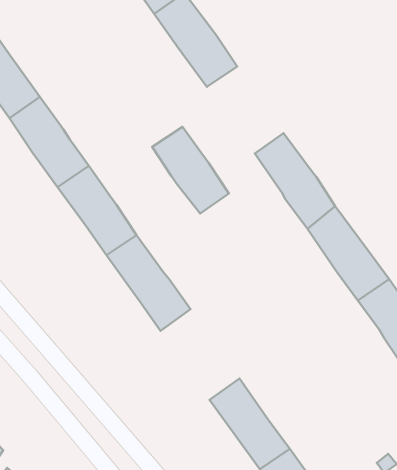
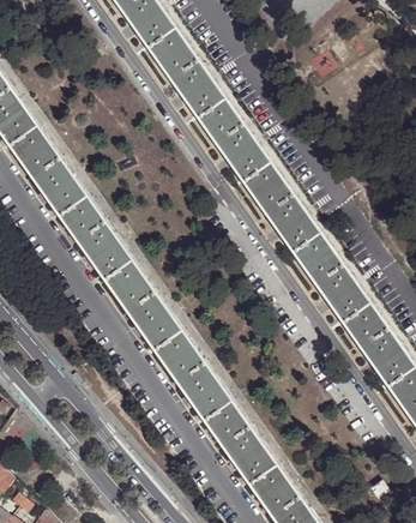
building: [152,127,229,214] -> [207,112,281,194]
building: none -> [163,343,239,429]

